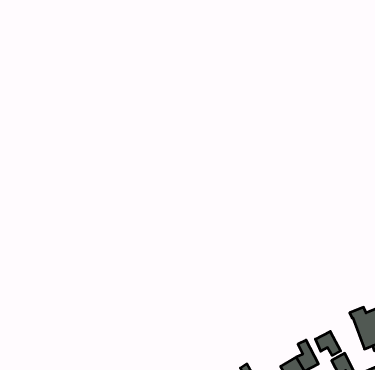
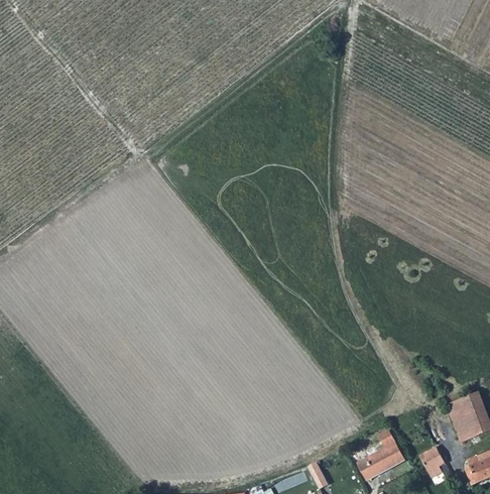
building: [315,331,341,355] -> none

